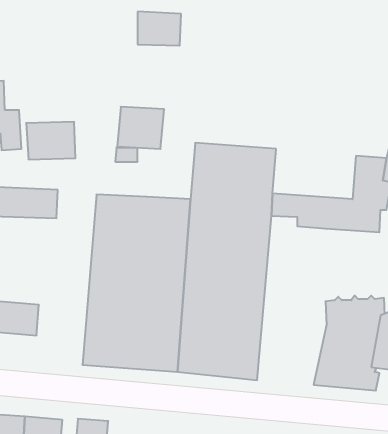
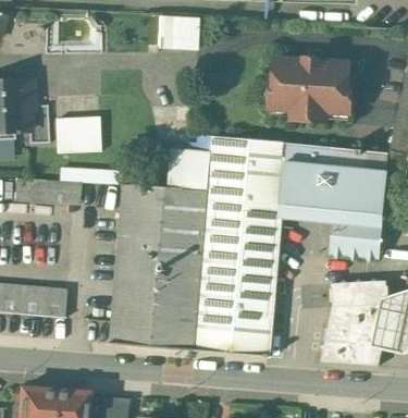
building: none -> [269,57,350,119]
building: [117,107,164,149] -> [166,149,210,188]
building: none -> [283,142,360,188]
building: none -> [330,216,382,261]

